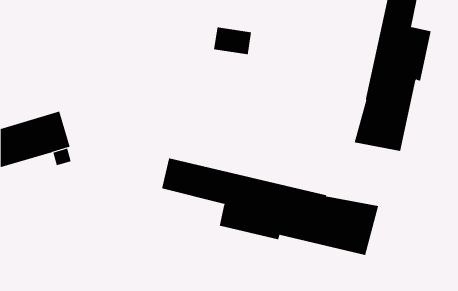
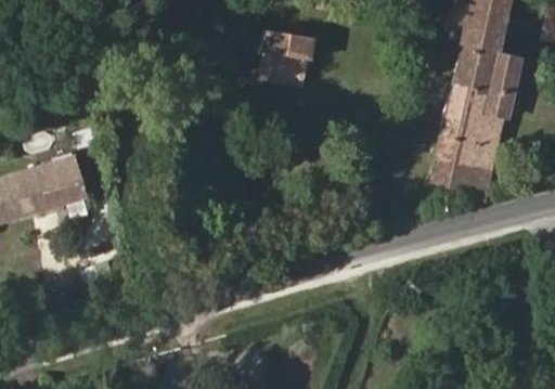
building: none -> [259,29,312,60]
building: [161,158,379,256] -> none

